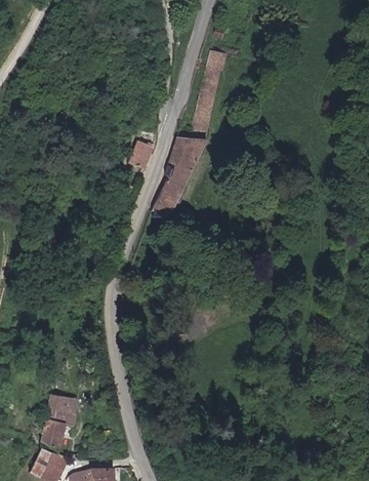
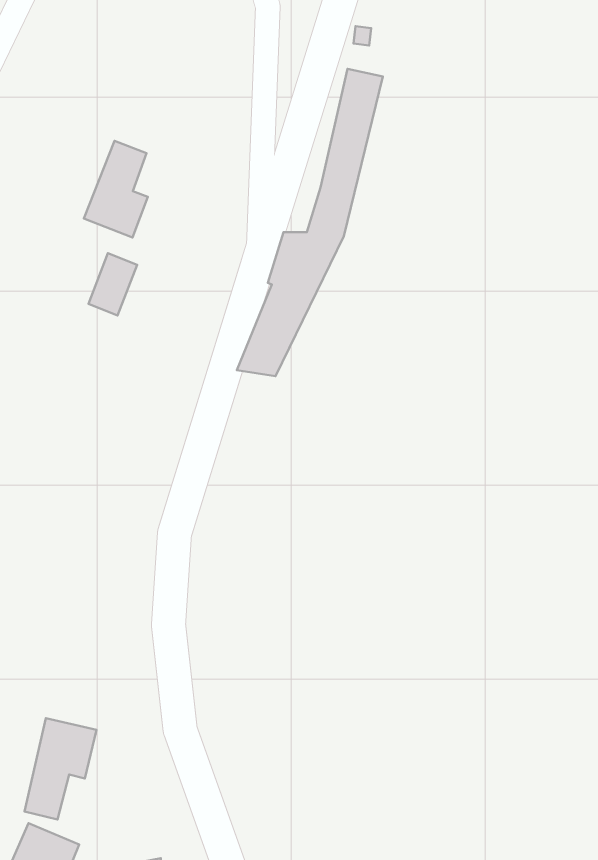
building: none -> [84,141,148,238]
building: [126,138,152,171] -> [88,253,137,315]

